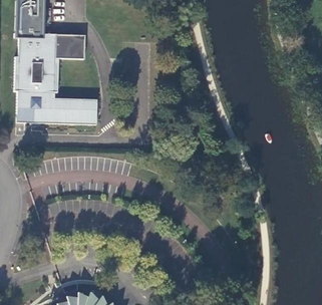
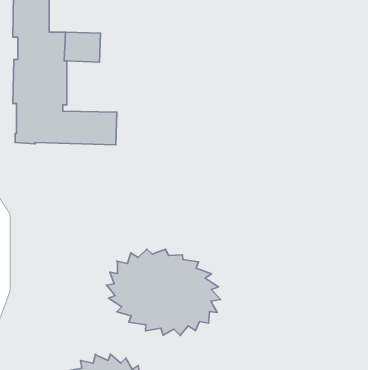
building: none -> [106,249,220,336]

